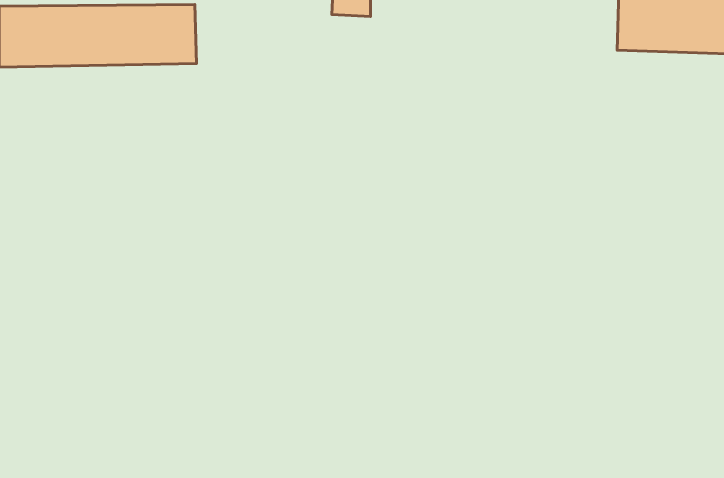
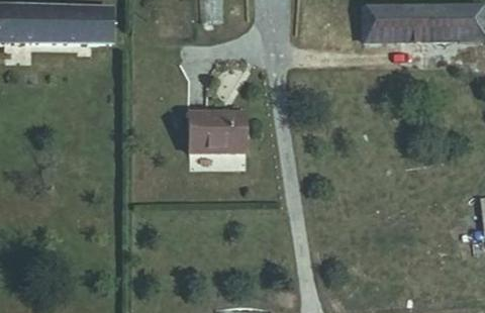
building: none -> [200,112,257,148]

